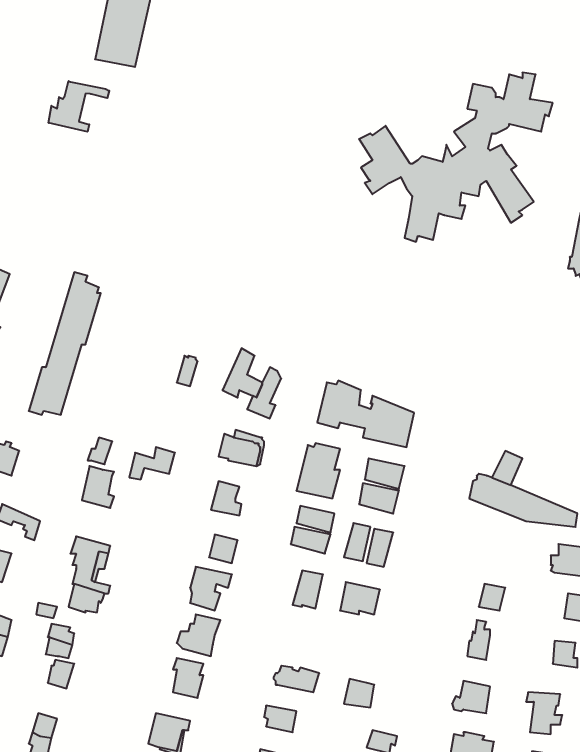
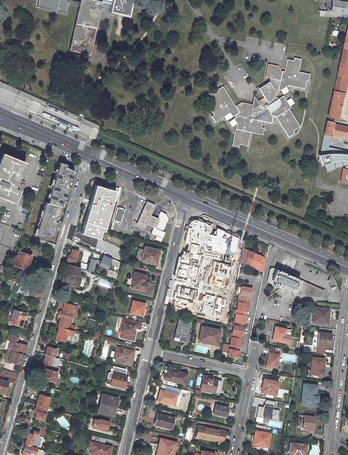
building: [49,81,109,132] -> none
building: none -> [80,183,116,237]
building: none -> [241,248,267,272]
building: none -> [222,286,252,359]

